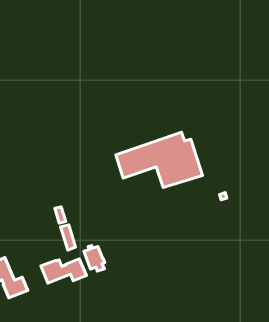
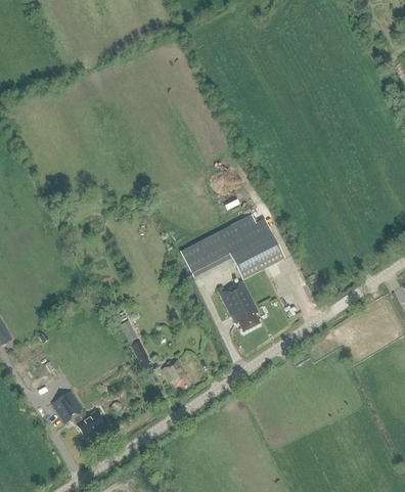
building: none -> [216,280,259,330]
building: [41,259,87,283] -> none

